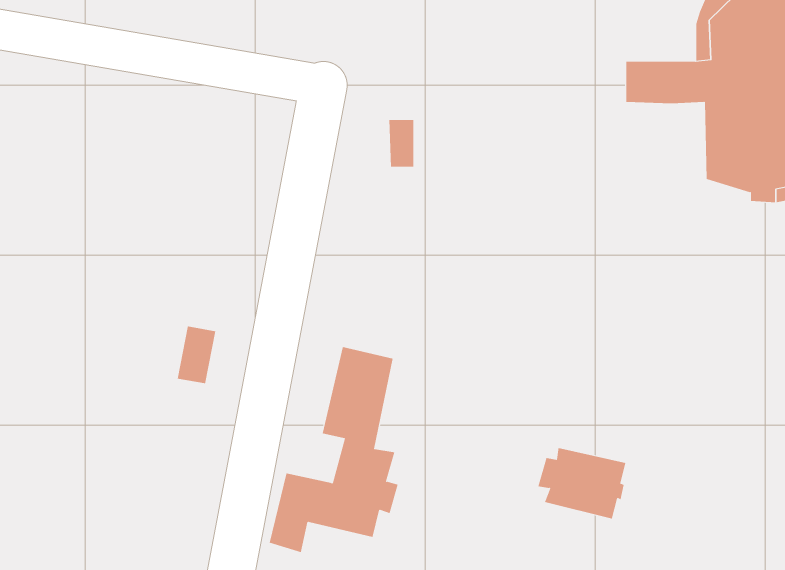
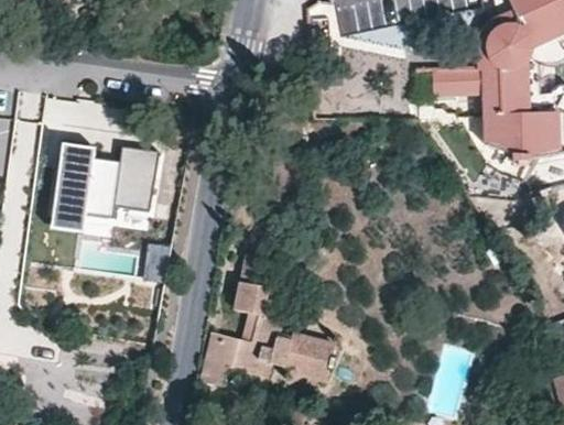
building: none -> [48,150,156,230]
building: [537,447,626,519] -> [280,333,337,379]

